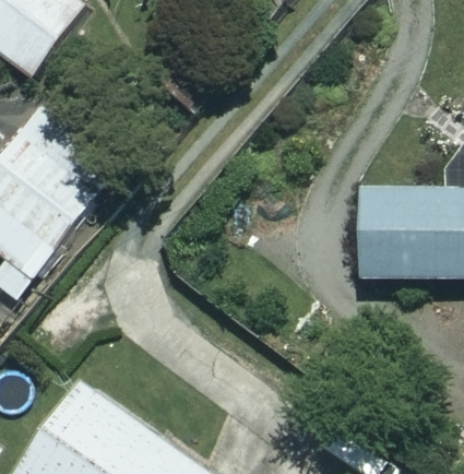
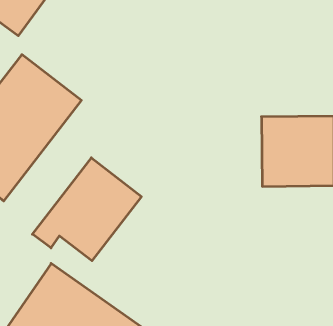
building: none -> [32,158,141,261]

